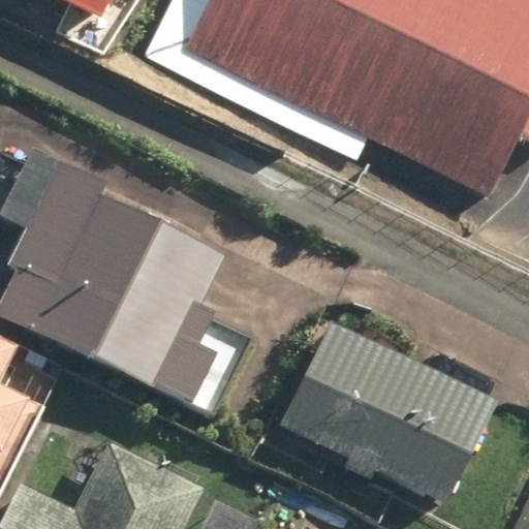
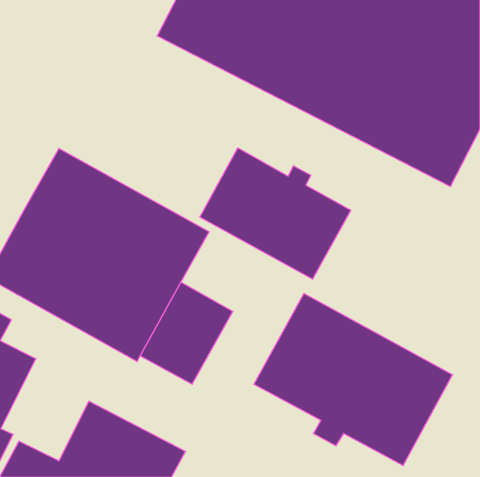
building: none -> [200,148,351,279]

